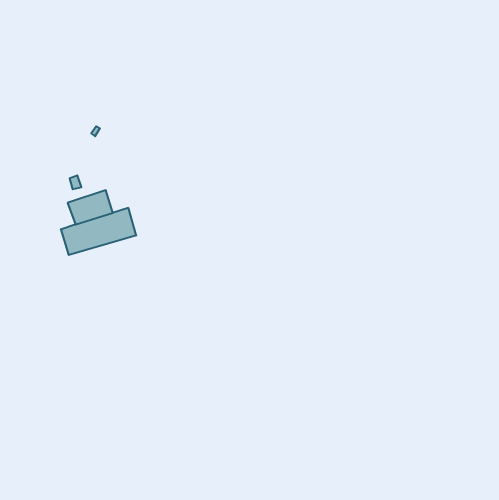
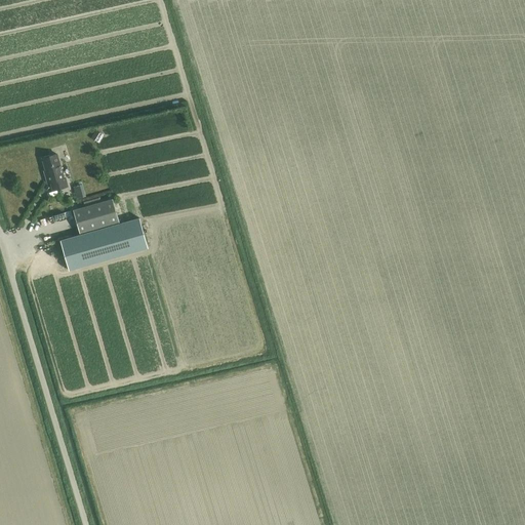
building: none -> [41,157,67,194]

